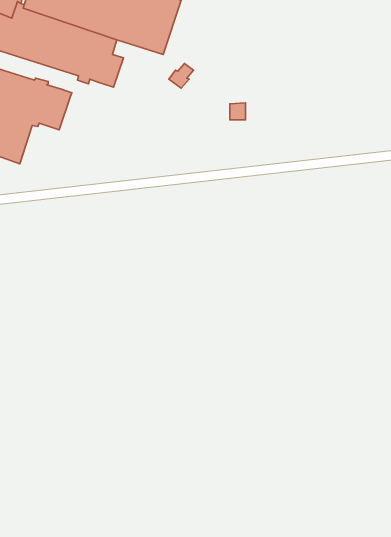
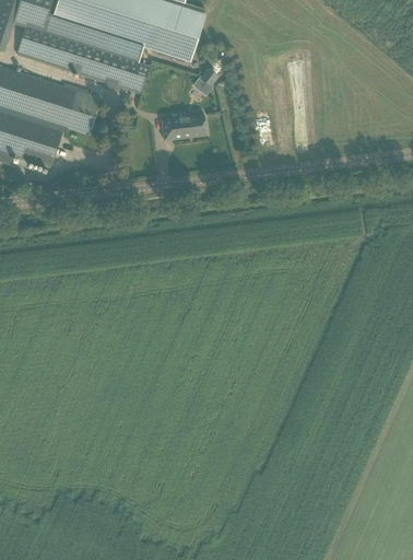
building: none -> [162,114,206,139]

